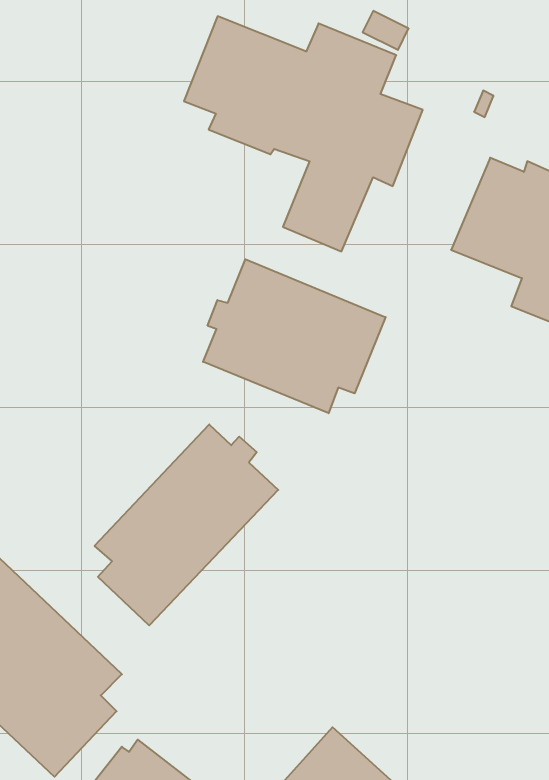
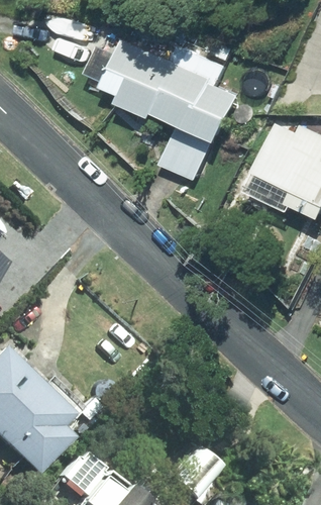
building: [203,259,386,413] -> none
building: [95,424,278,625] -> none

